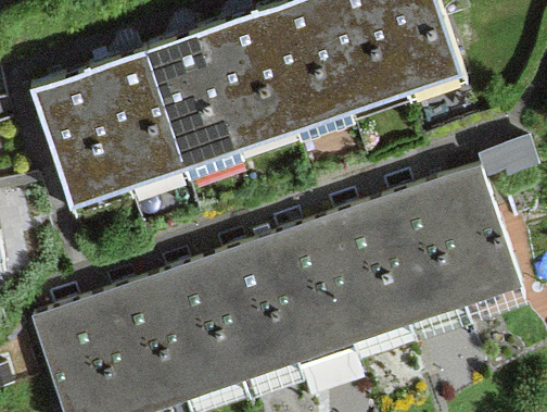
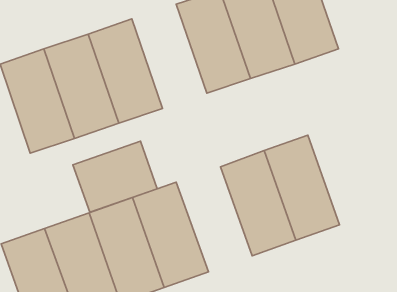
building: [199,17,294,150] -> none
building: [422,164,519,298] -> none
building: none -> [73,141,157,212]
building: [255,224,352,358] -> none

